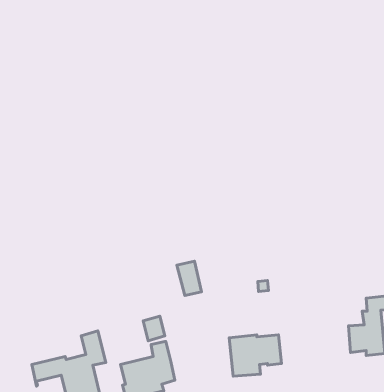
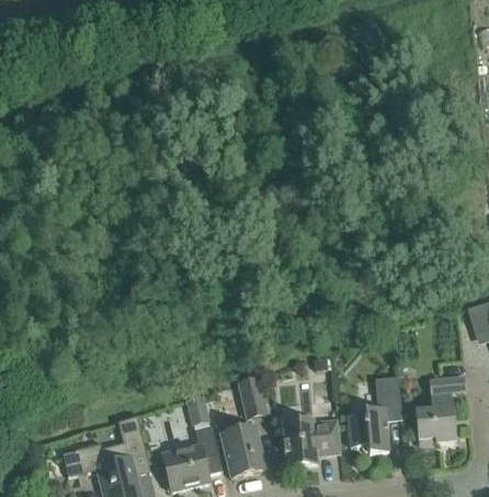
building: [177,261,201,296] -> [239,379,266,417]
building: none -> [348,374,402,453]
building: none -> [221,426,265,476]

